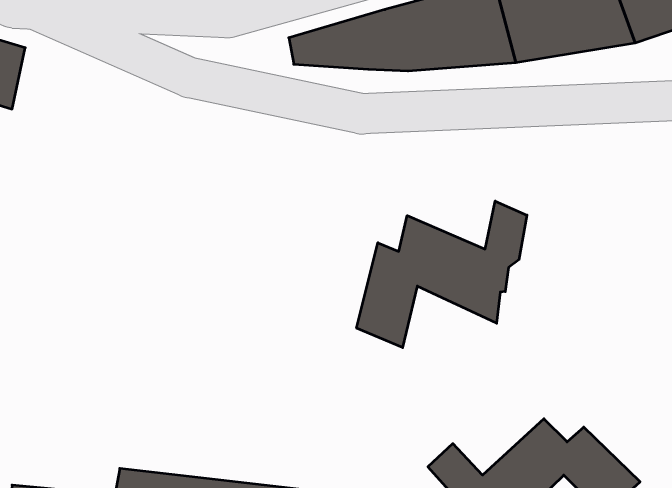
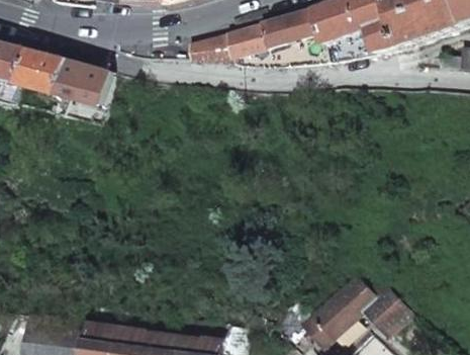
building: none -> [23,50,114,110]
building: [357,201,527,348] -> none

